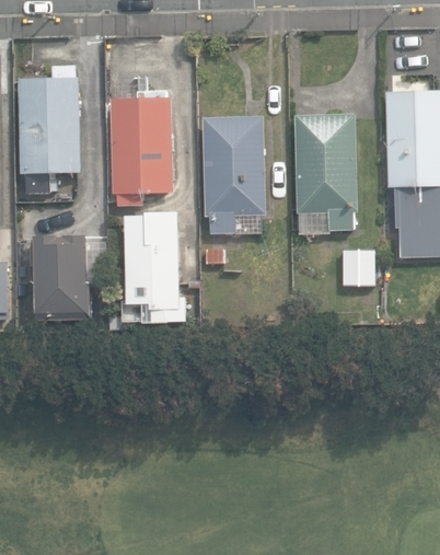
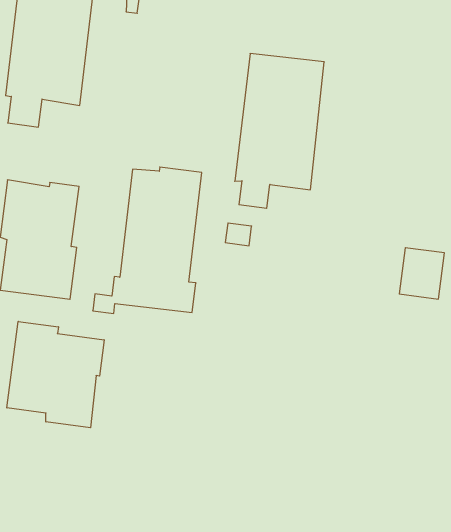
building: [109,91,171,206] -> none
building: [293,115,356,230] -> none
building: none -> [7,321,104,428]

